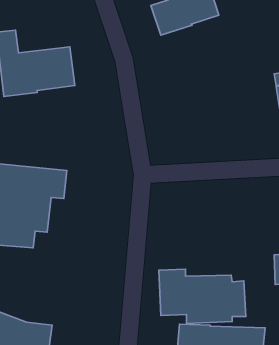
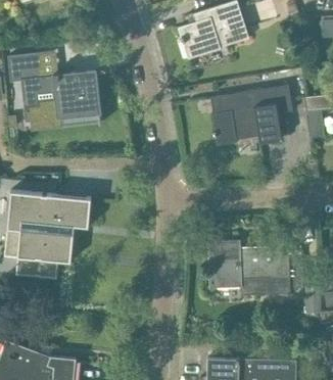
building: none -> [208,84,293,145]
building: [159,269,246,324] -> [212,239,302,295]

